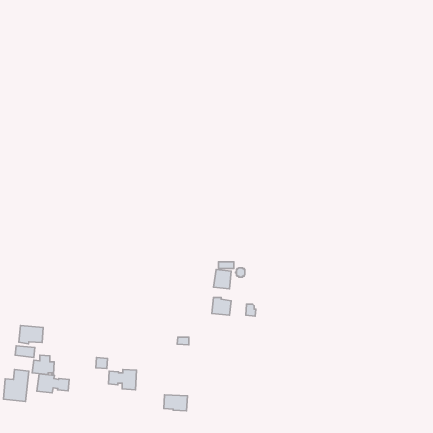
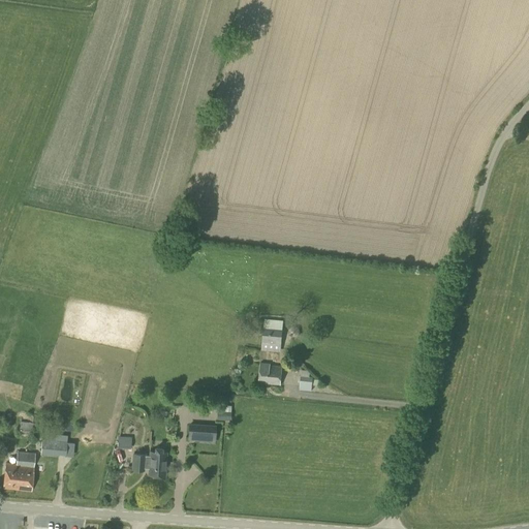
building: [19,325,43,344] -> none
building: [37,374,69,393] -> none
building: [164,395,187,411] -> [187,424,216,443]

